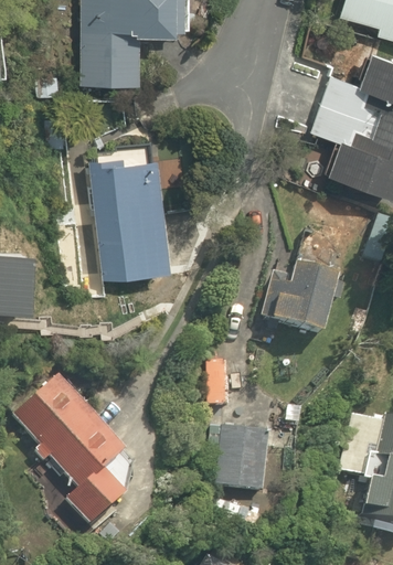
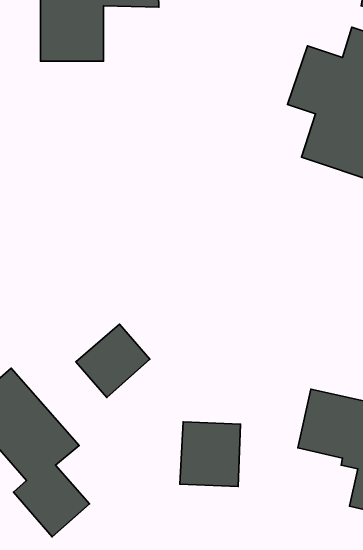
building: [86,158,170,284] -> none
building: [258,258,342,331] -> none
building: none -> [76,324,150,398]

